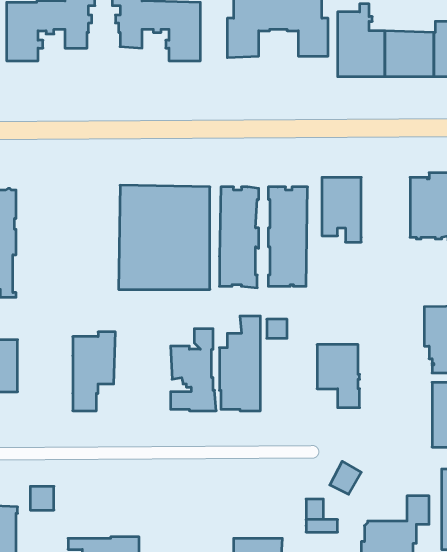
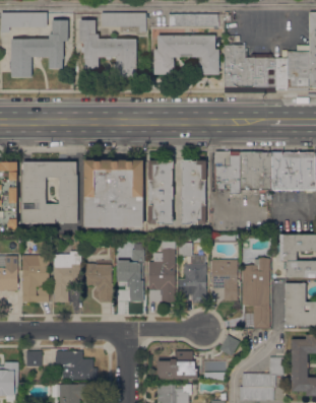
building: none -> [240,152,271,193]
building: none -> [22,160,78,222]
building: none -> [22,256,49,303]
building: none -> [243,259,269,329]
building: none -> [86,261,113,303]
building: none -> [179,264,206,301]
building: none -> [56,351,98,380]
building: none -> [159,351,198,380]

